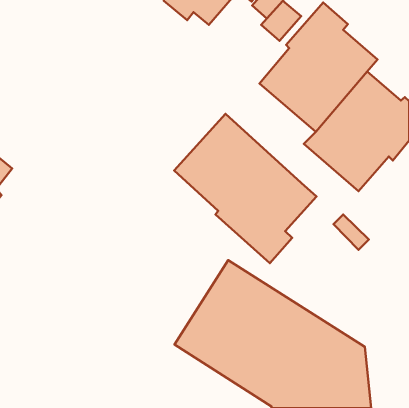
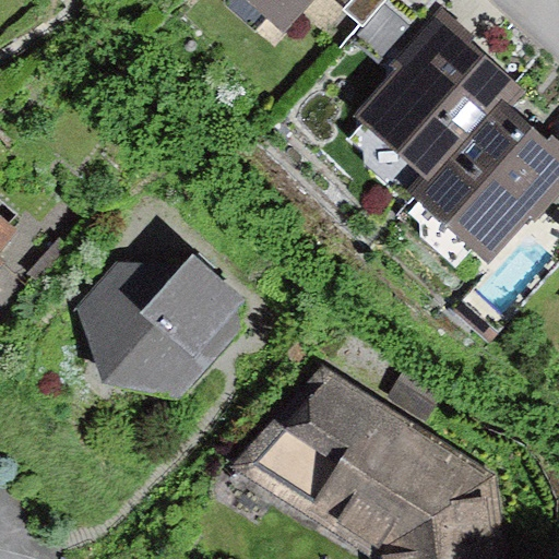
building: [174,114,317,263] -> none
building: none -> [75,258,245,399]

